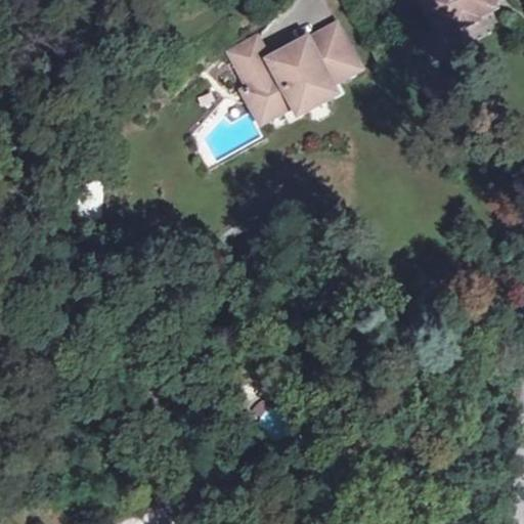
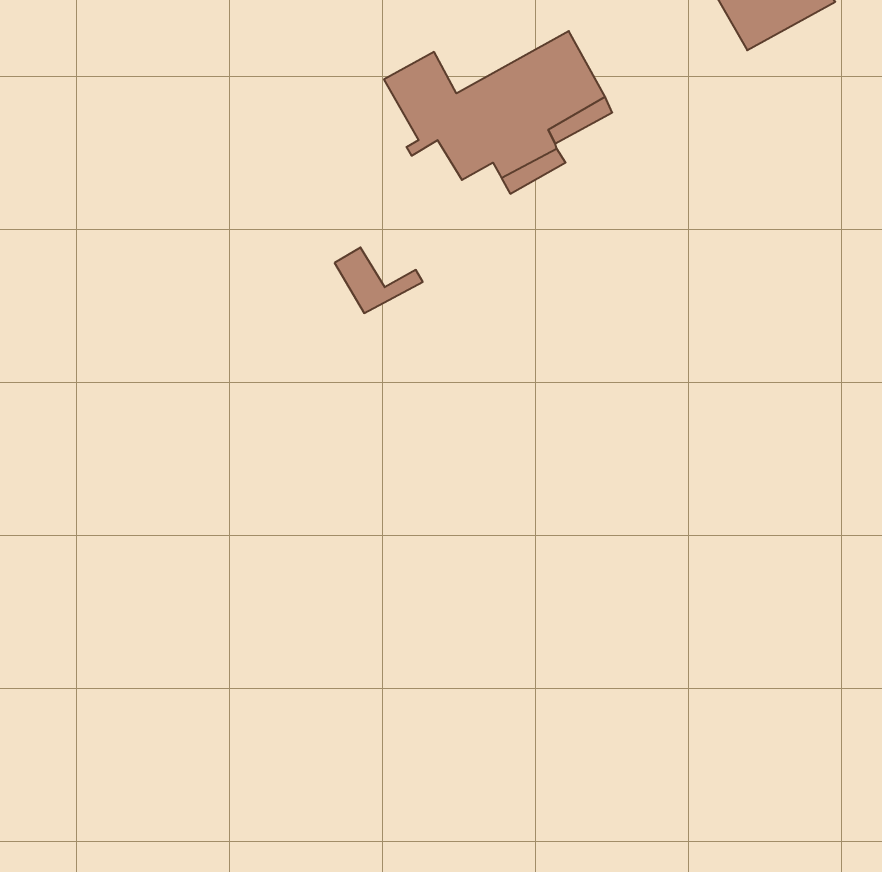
building: [245,83,297,122] -> [335,247,423,313]

